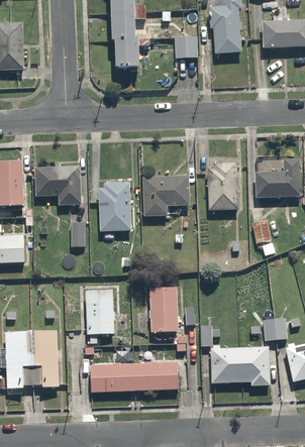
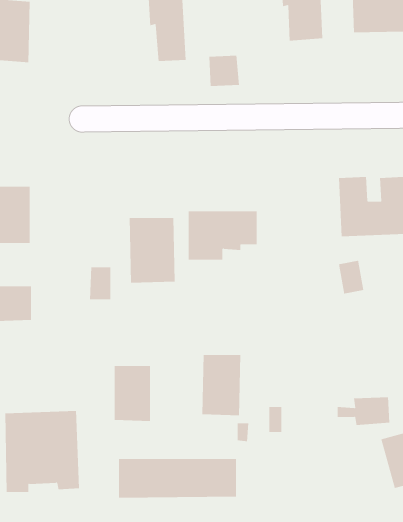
building: [176,36,199,60] -> [209,55,240,87]
building: [204,165,243,212] -> none
building: [35,169,80,205] -> none
building: [212,347,271,383] -> none

